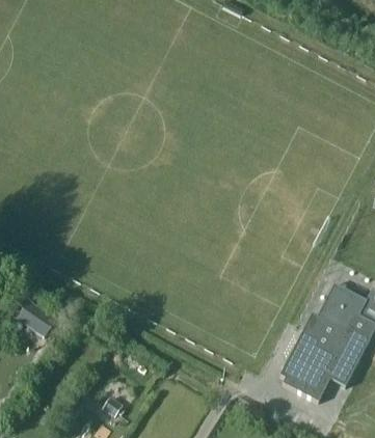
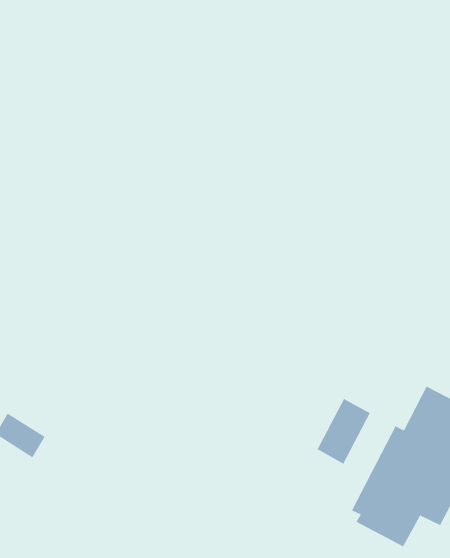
building: none -> [317,398,371,464]

